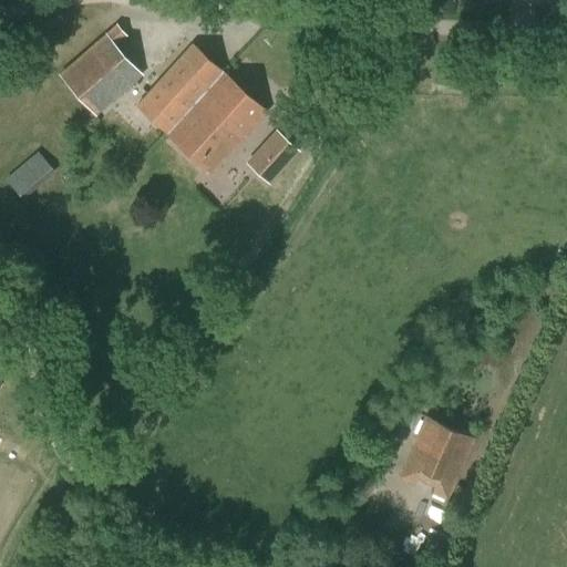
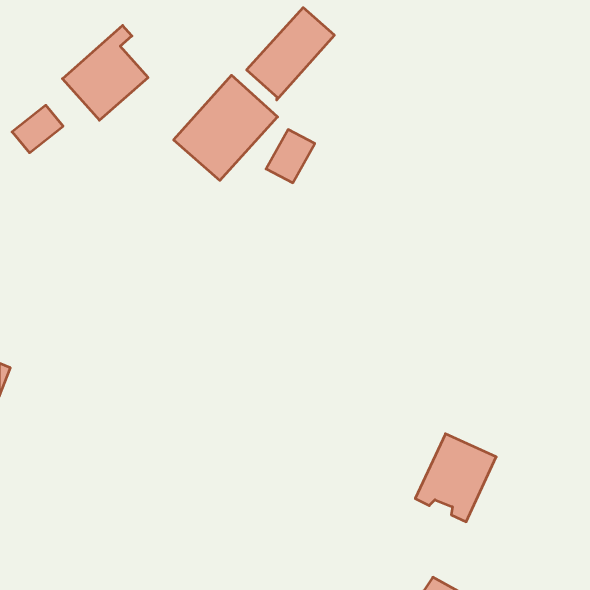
building: [137,47,221,135] -> [247,8,334,100]
building: [4,153,53,198] -> [12,105,63,153]

